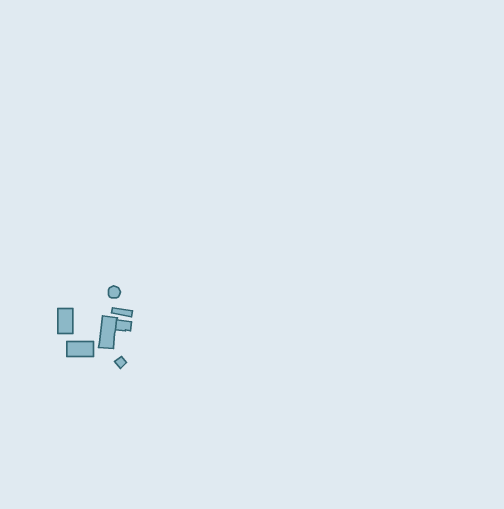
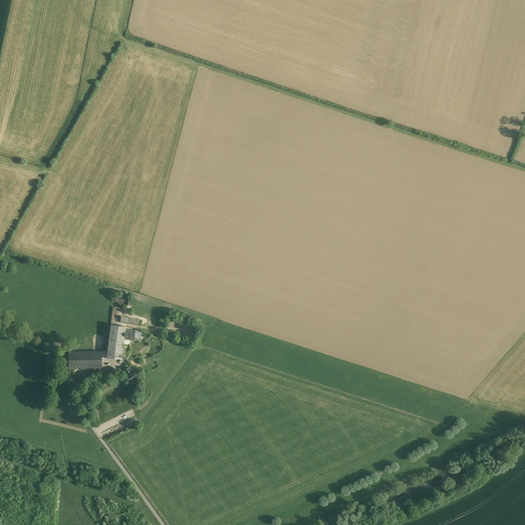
building: [58,308,73,334] -> none

